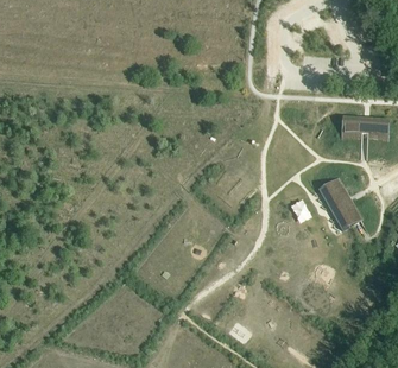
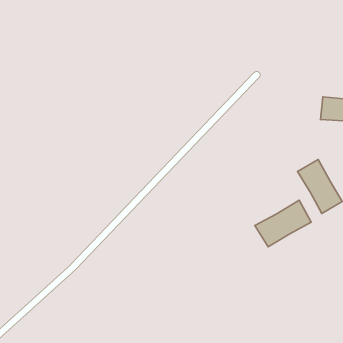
building: none -> [255,200,311,247]

